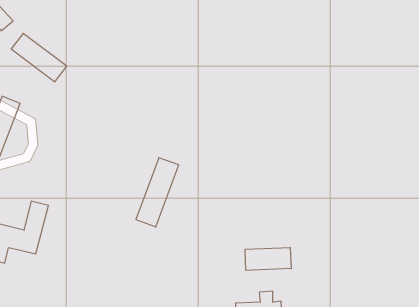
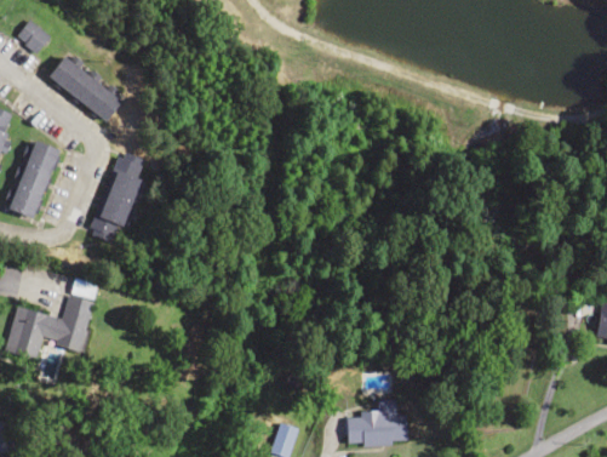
building: [136,158,179,227] -> [91,150,148,242]
building: [245,247,291,270] -> none

